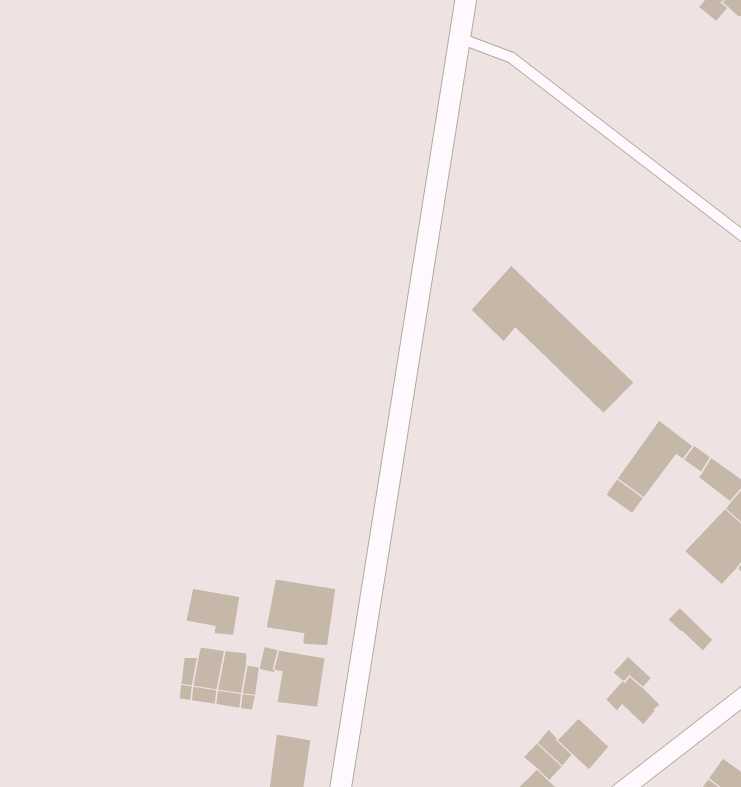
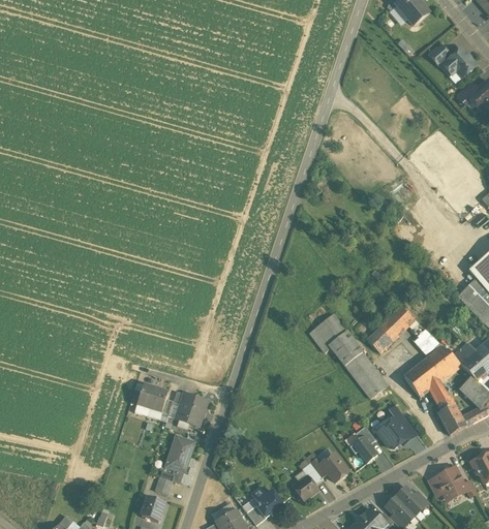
building: [471,265,634,413] -> [309,313,388,398]
building: [266,579,336,646] -> none
building: [186,588,240,636] -> none
building: none -> [377,417,406,447]

